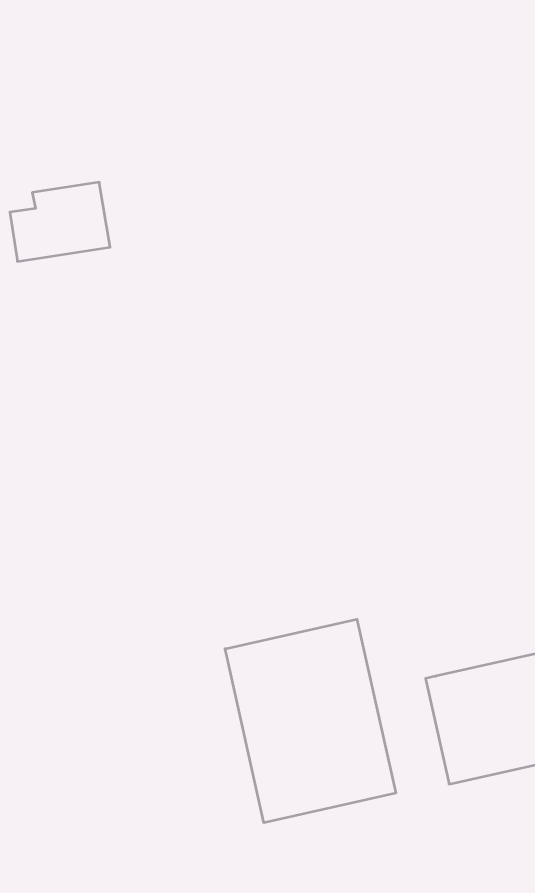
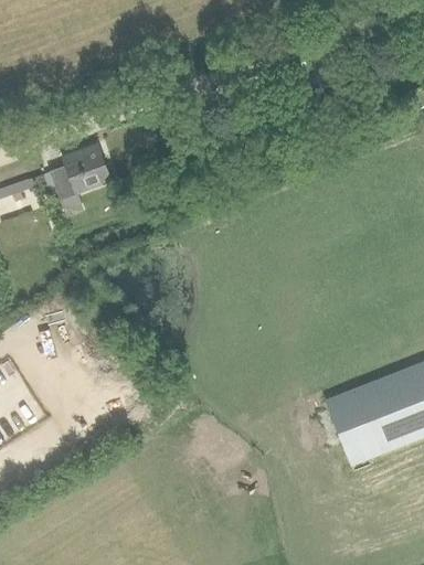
building: [225,619,396,823] -> none

